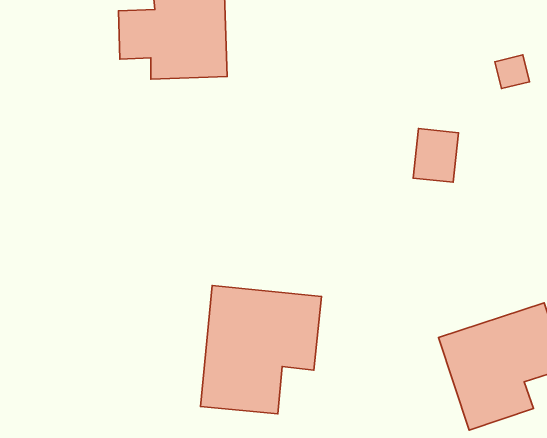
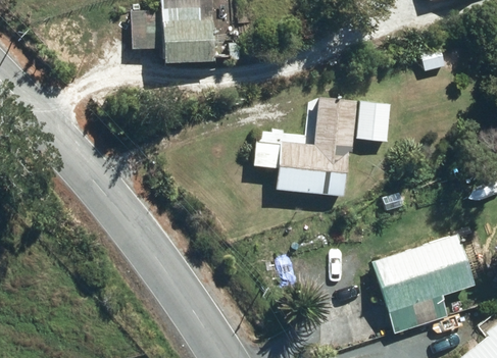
building: none -> [253,99,356,197]
building: [201,286,321,414] -> none

